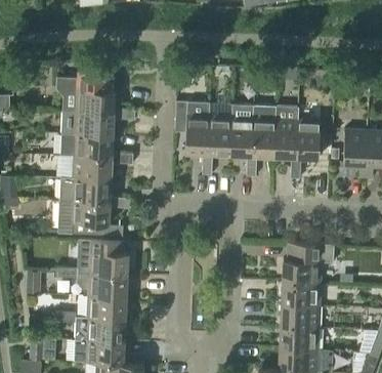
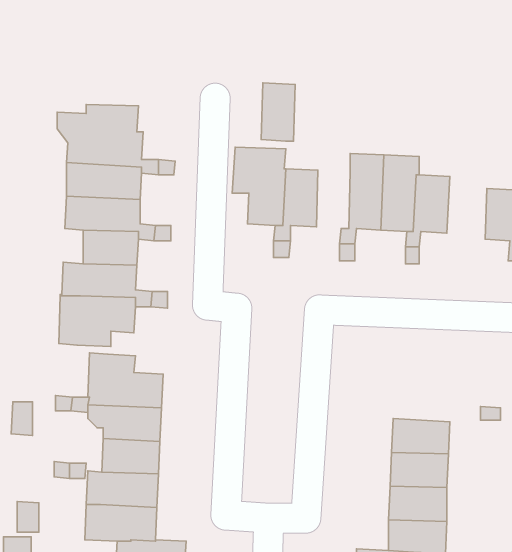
building: [230,116,253,155] -> [261,83,295,141]
building: [282,242,333,284] -> none

